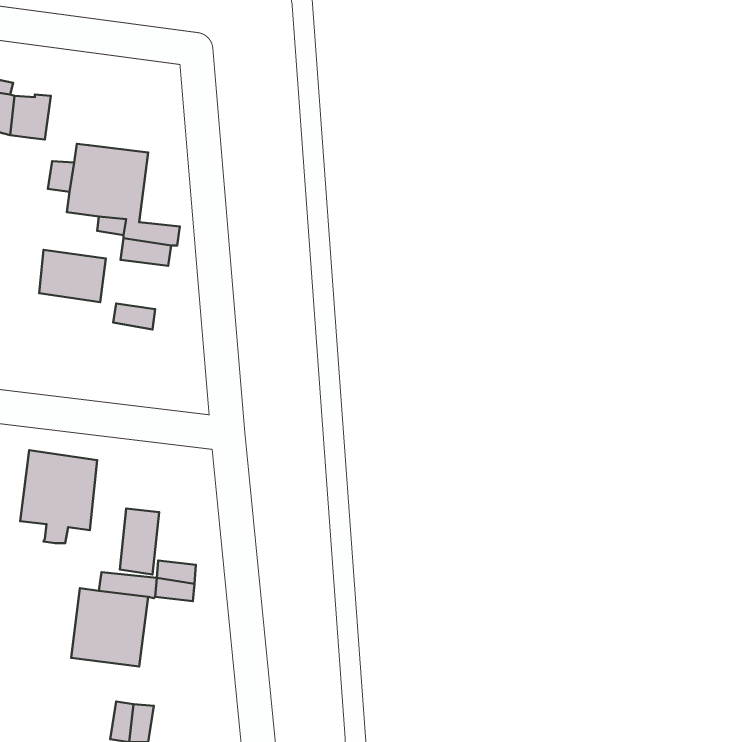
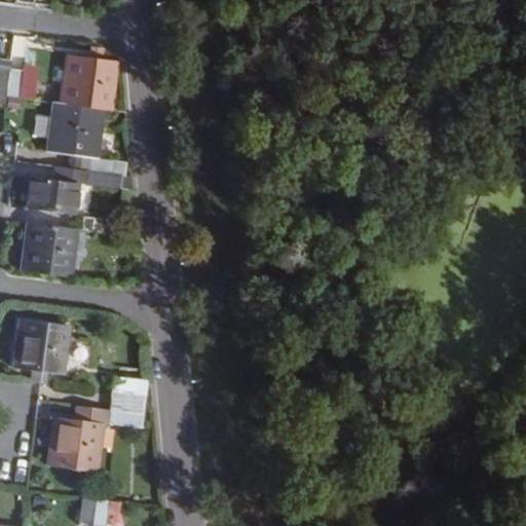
building: none -> [63,52,116,108]
building: none -> [22,221,75,275]
building: [120,509,159,574] -> none

